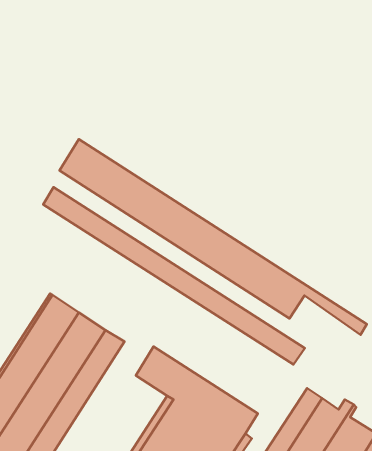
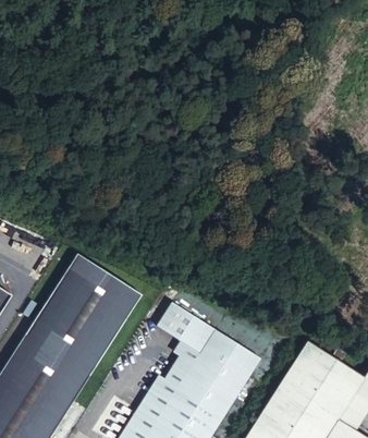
building: [59,139,367,335] -> none
building: [43,187,305,364] -> none

